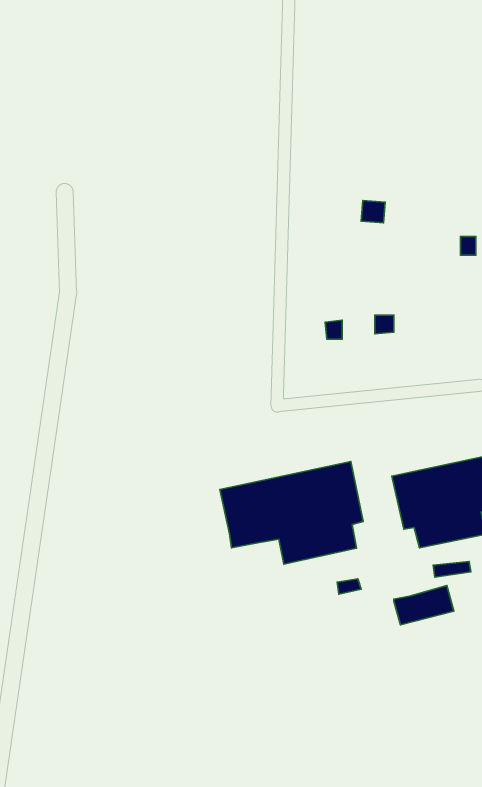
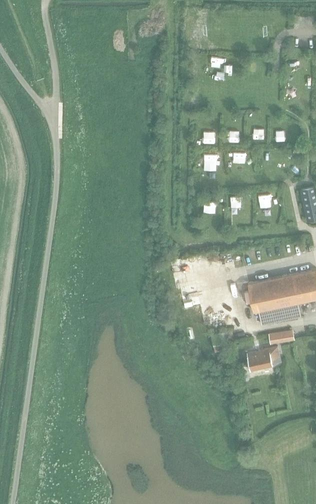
building: [220,461,363,564] -> none

